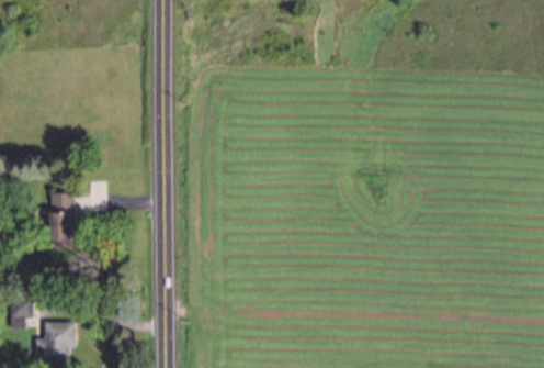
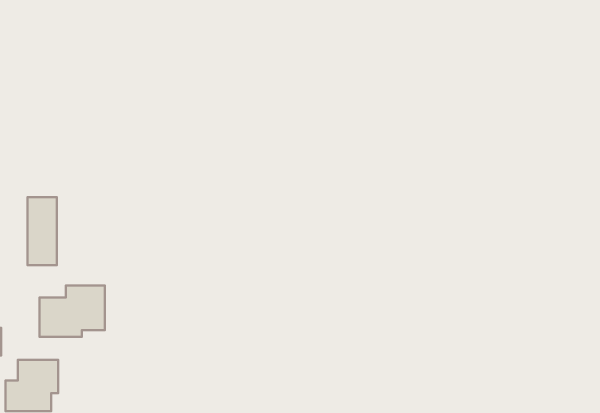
building: none -> [39,285,105,337]

